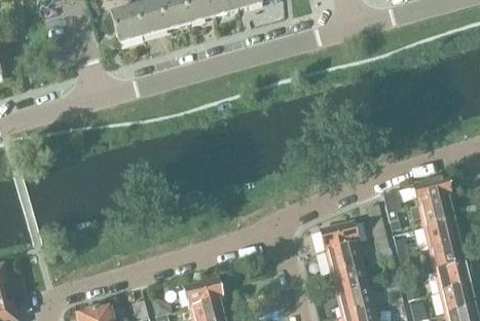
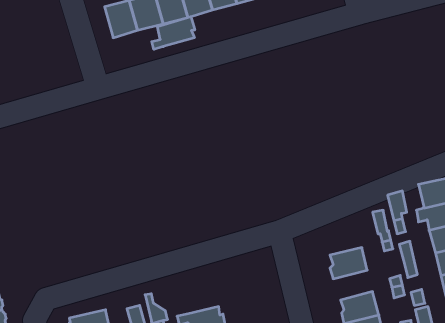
building: none -> [152,17,195,49]
building: [320,220,359,251] -> none
building: [331,264,369,293] -> none
building: [184,277,223,307] -> none

